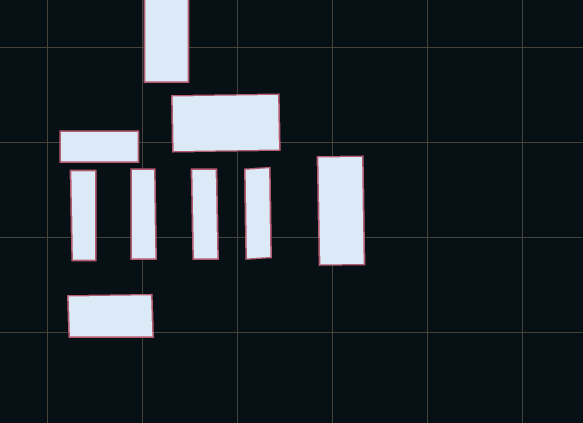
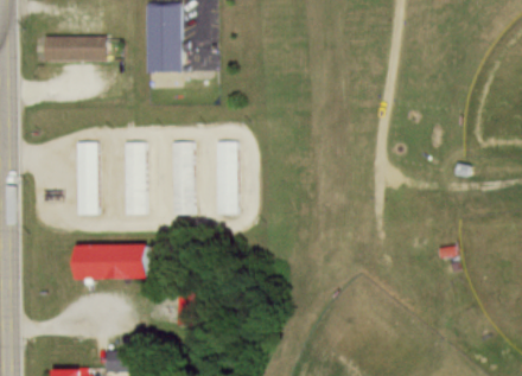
building: [172,94,280,152] -> none
building: [60,131,139,162] -> [39,34,102,59]
building: [318,156,364,265] -> none

